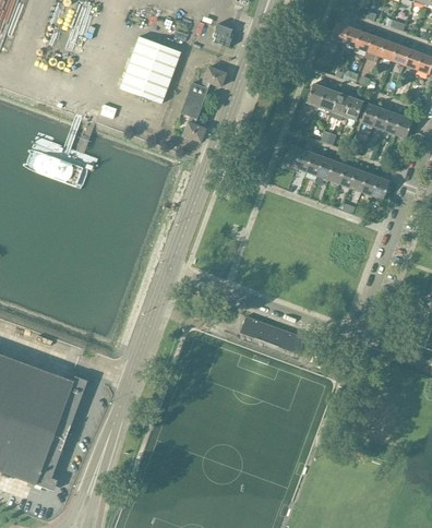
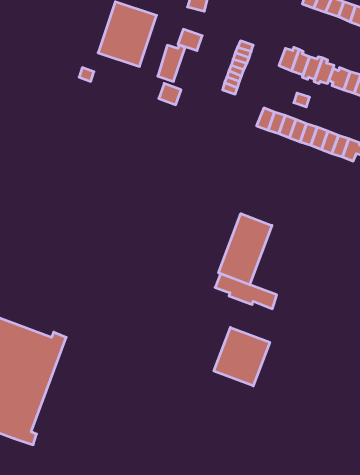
building: none -> [219,214,272,285]
building: none -> [214,327,270,386]

